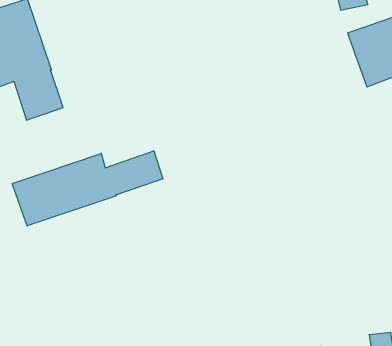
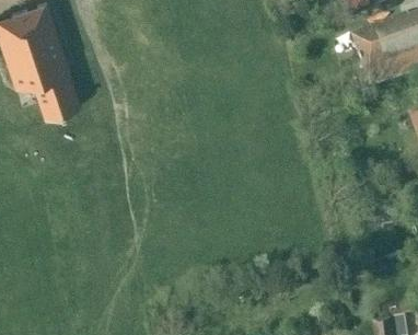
building: [12,151,163,226] -> none

